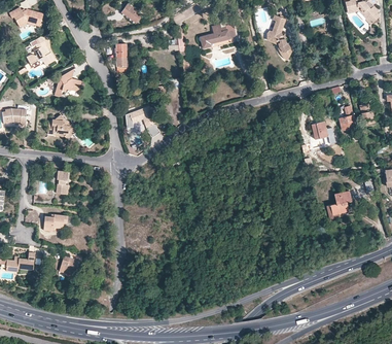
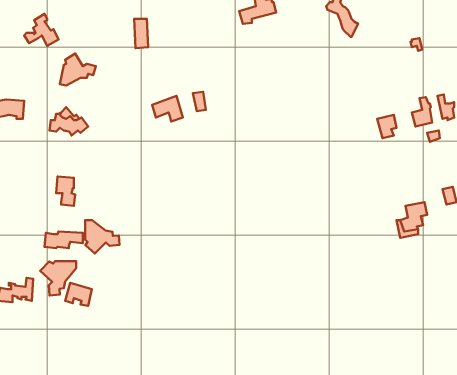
building: none -> [85,220,120,254]
building: none -> [40,261,76,295]

